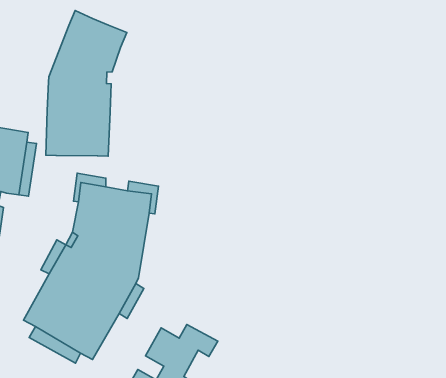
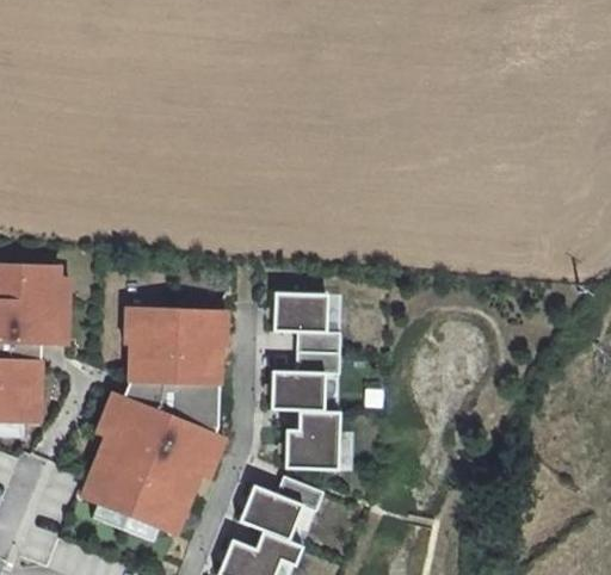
building: [46,11,127,156] -> none
building: none -> [271,292,341,469]

